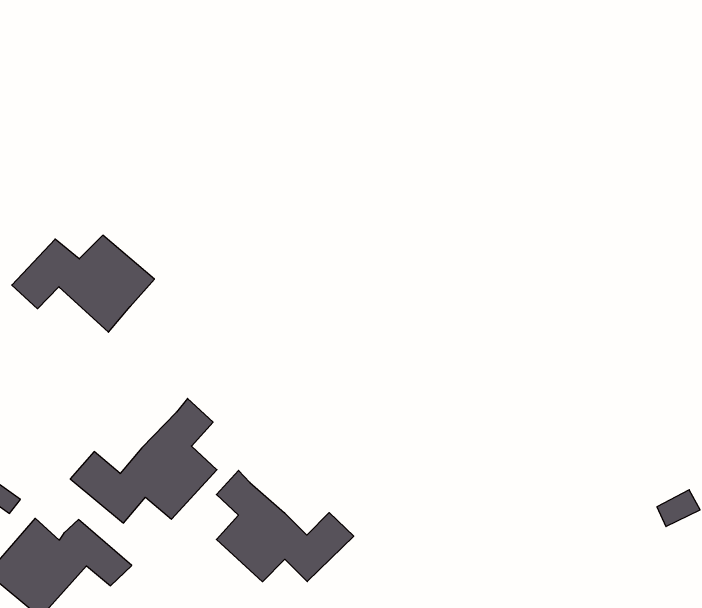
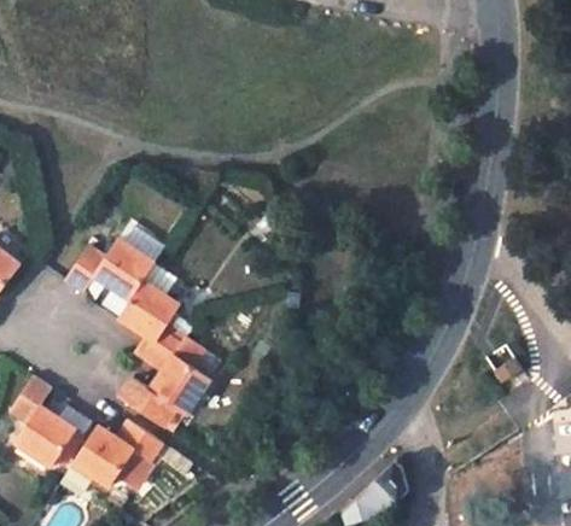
building: none -> [120,284,181,373]
building: [216,470,354,582] -> none

